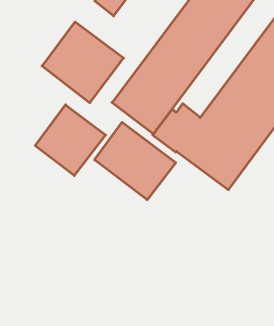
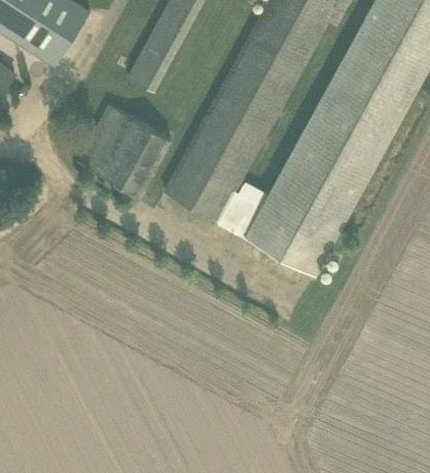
building: [35,105,106,176] -> none
building: [95,122,176,200] -> none

